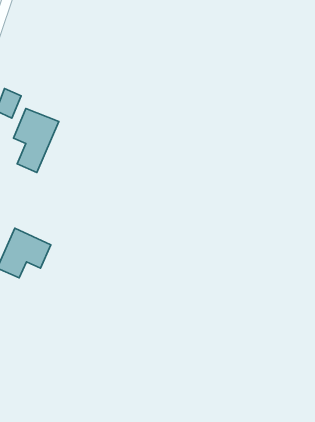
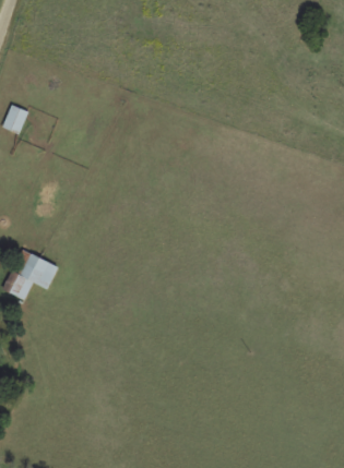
building: [13,109,59,173] -> none

